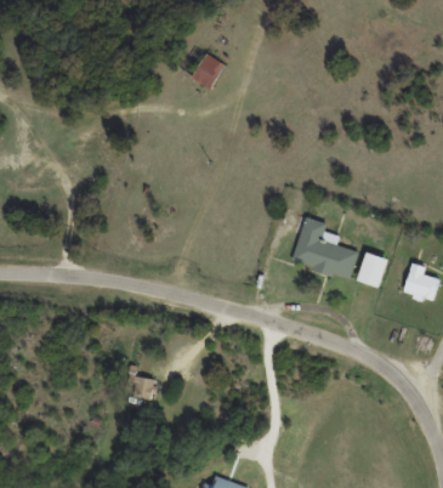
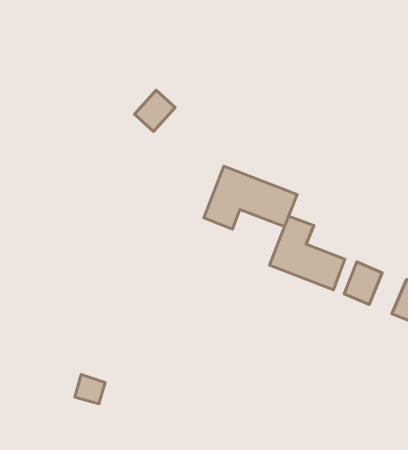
building: [188,53,223,90] -> [134,90,175,131]
building: none -> [204,166,297,229]

